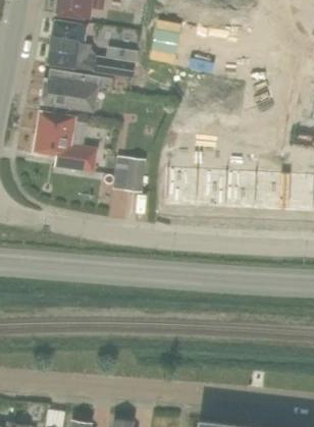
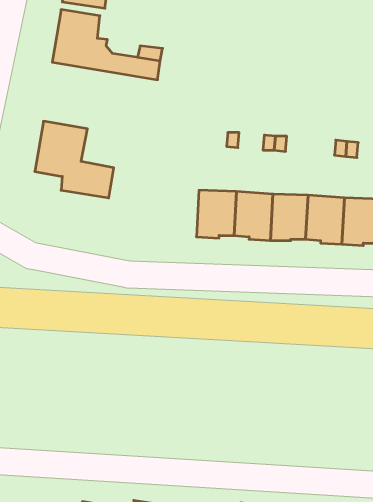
building: [41,69,111,111] -> none
building: [124,157,145,190] -> none

